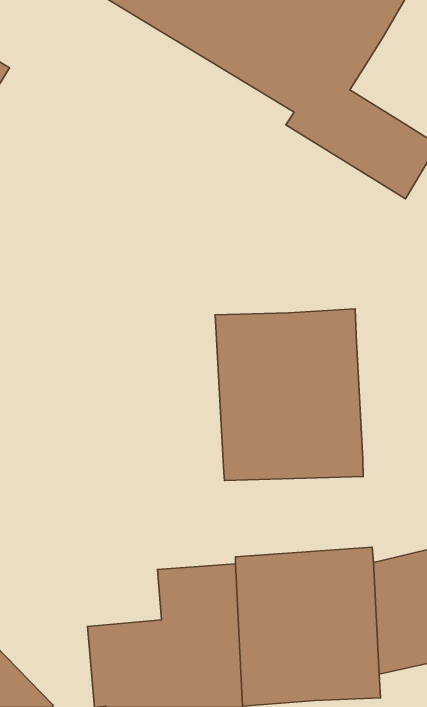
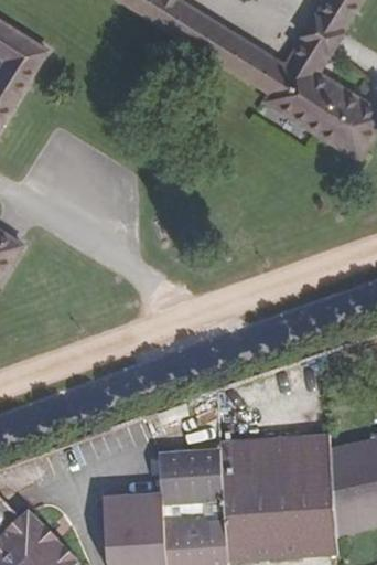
building: [215,309,363,481] -> none

